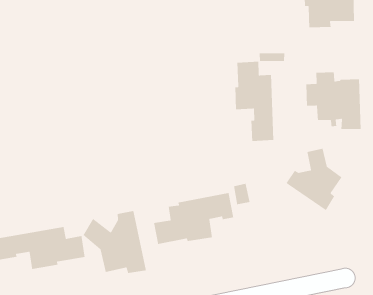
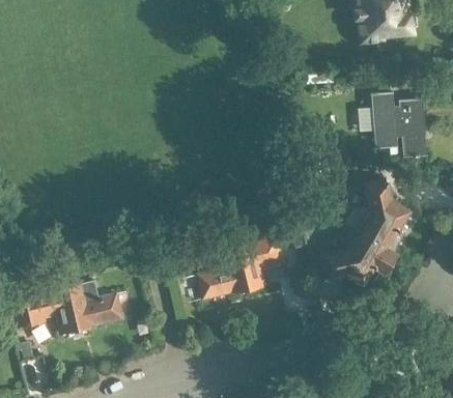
building: [235,61,274,142] -> none
building: none -> [322,225,398,289]
building: [82,210,147,274] -> none

